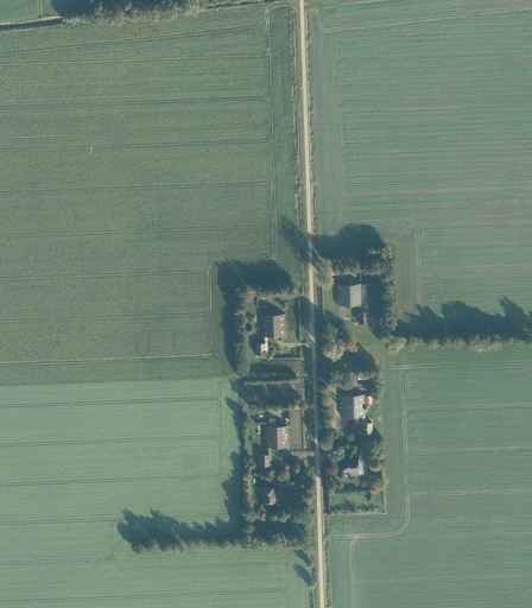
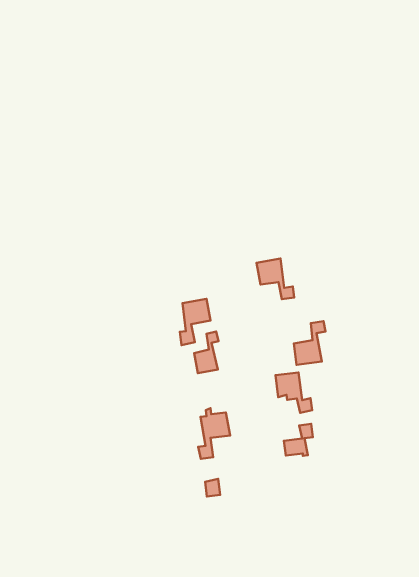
building: none -> [194,331,218,373]
building: none -> [294,321,325,365]

